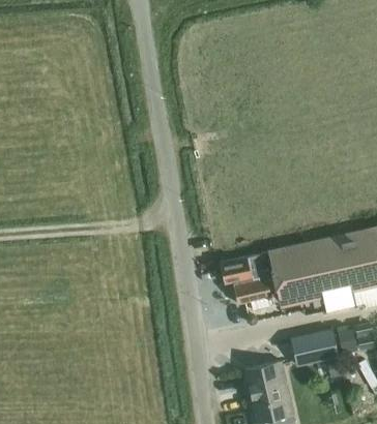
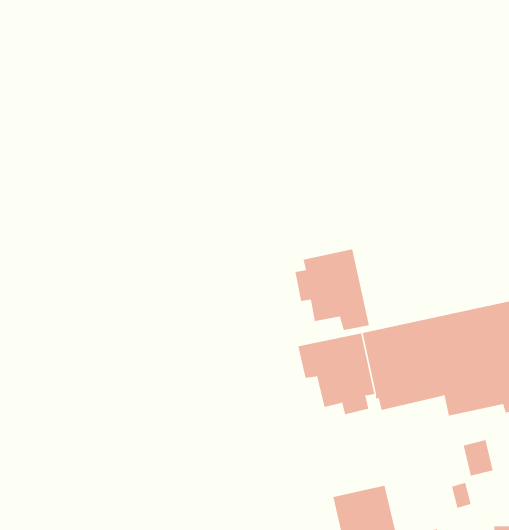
building: none -> [295,248,369,331]
building: [290,329,340,365] -> none

